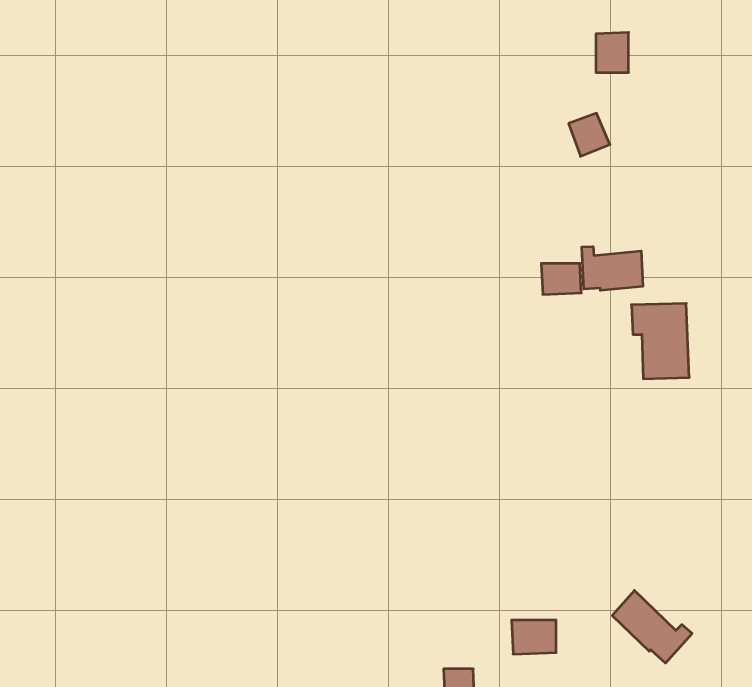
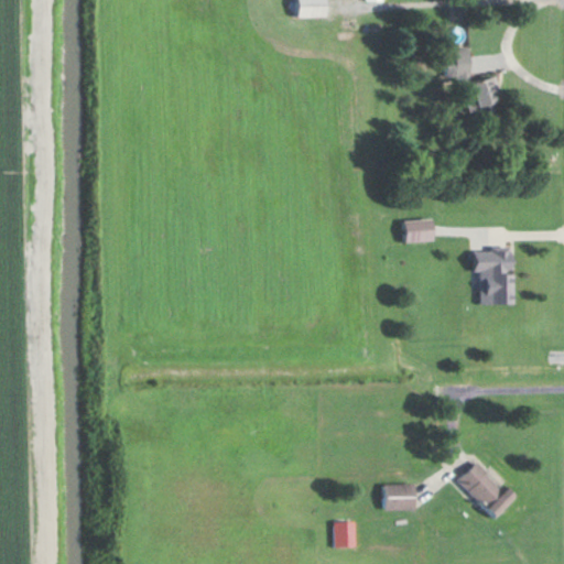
building: [569,113,610,156] -> [471,78,502,110]
building: [582,247,643,290] -> none

